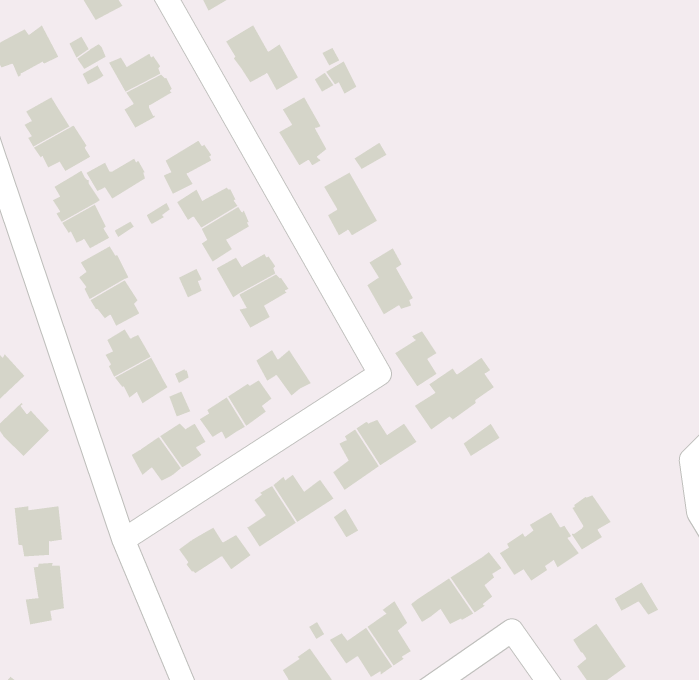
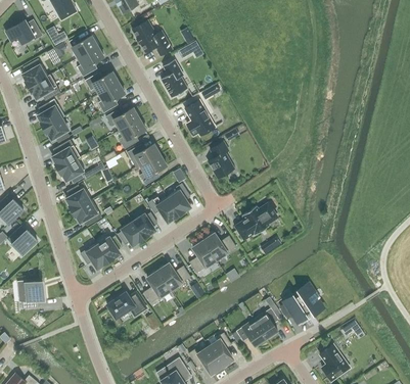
building: [86,158,146,199] -> [85,71,118,94]
building: [394,331,438,387] -> [167,184,190,214]
building: [571,495,611,551] -> none
building: [25,562,65,625] -> none

